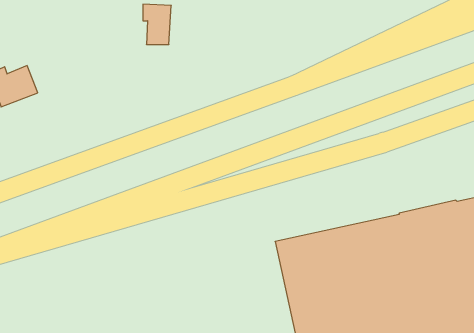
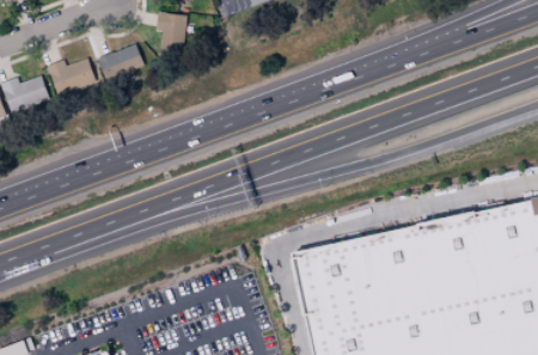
building: none -> [97,42,146,81]
building: none -> [48,56,98,96]

